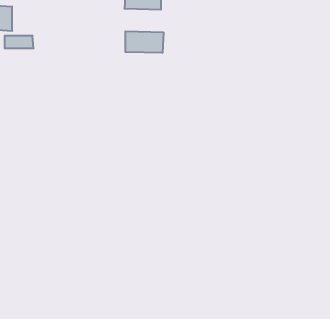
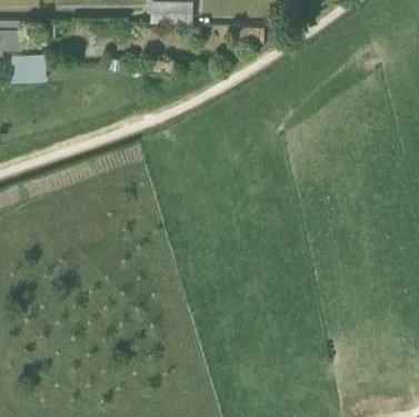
building: [125,31,163,53] -> none

